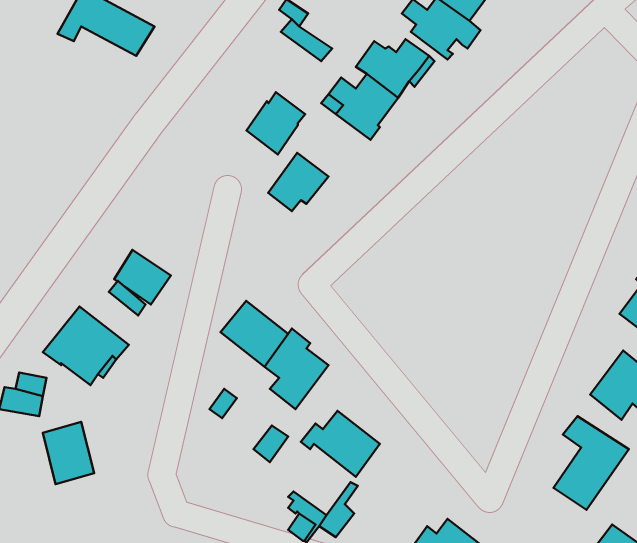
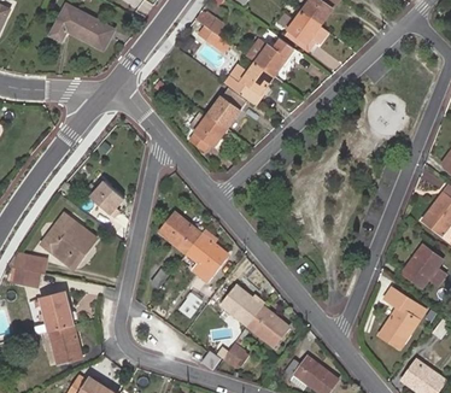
building: [247,92,305,154] -> [209,88,247,129]
building: none -> [247,305,291,348]
building: none -> [49,324,83,365]

